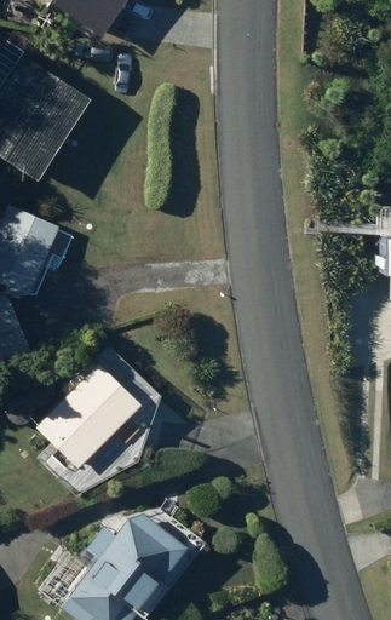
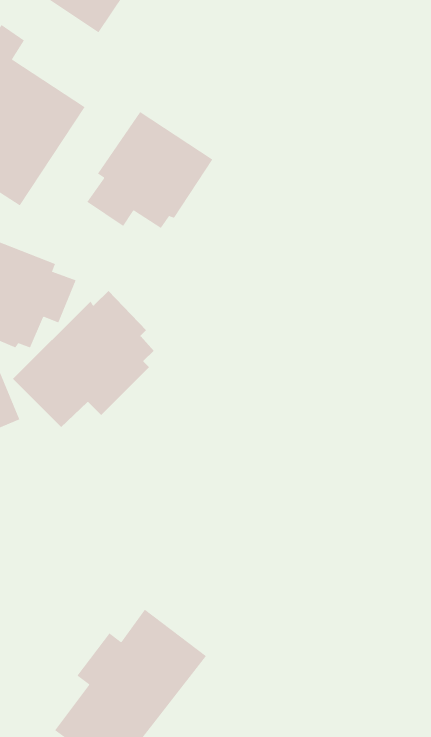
building: none -> [86,111,213,229]
building: [34,355,150,467] -> [12,290,154,428]

